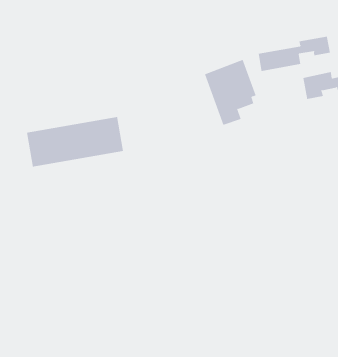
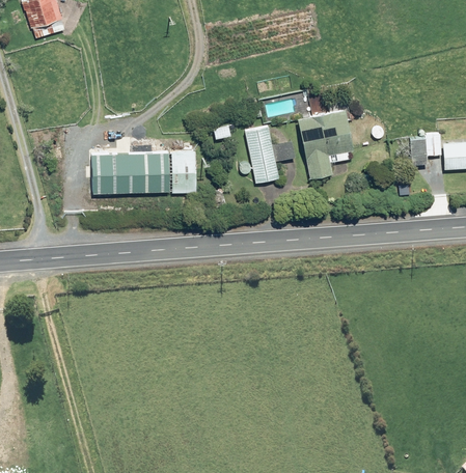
building: [258,36,331,72] -> none
building: none -> [244,127,295,184]

